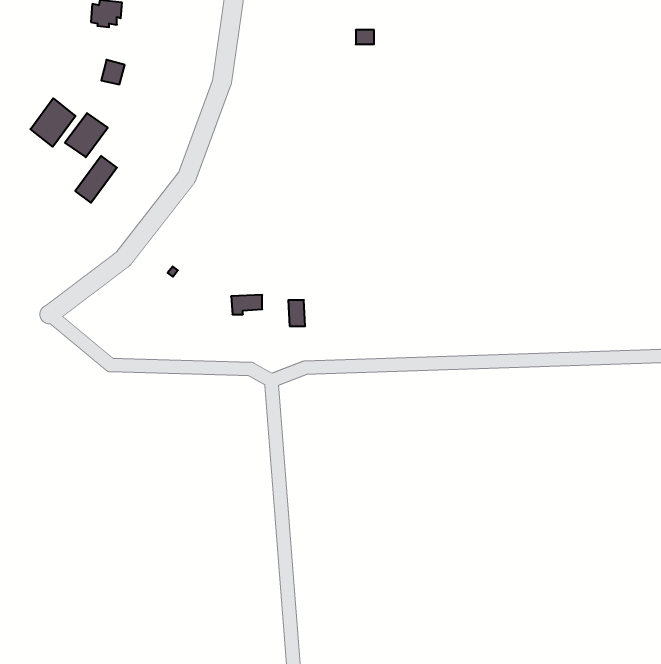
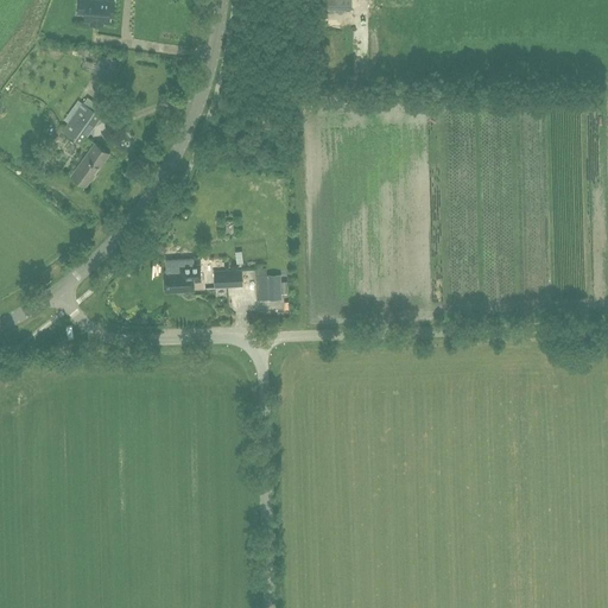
building: [30,98,76,147] -> none
building: none -> [163,265,198,292]

